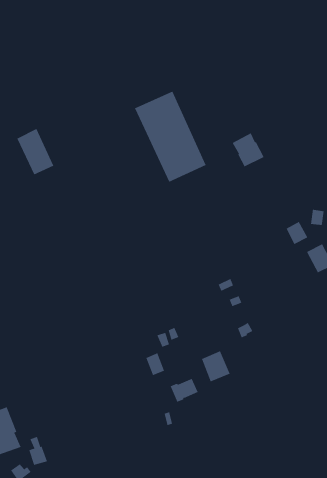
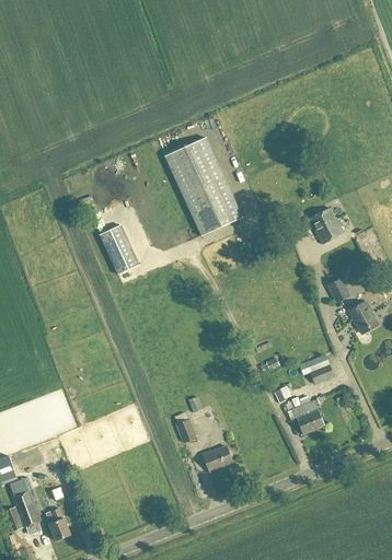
building: [16,128,54,175] -> [99,224,139,275]
building: [232,133,265,167] -> [309,207,344,244]
building: none -> [299,353,333,383]
building: [201,351,231,382] -> [292,399,324,433]

